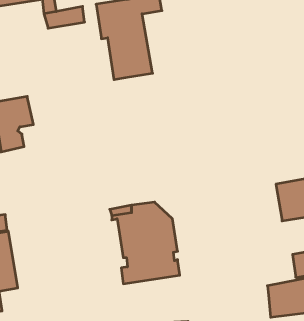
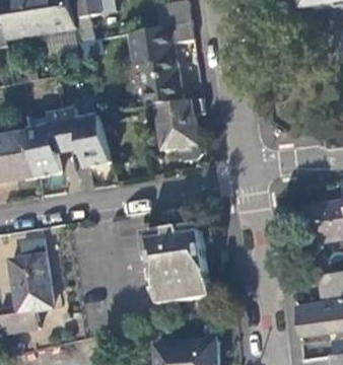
building: none -> [156,99,196,149]
building: none -> [61,116,109,166]

